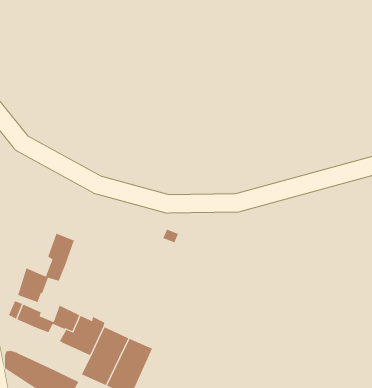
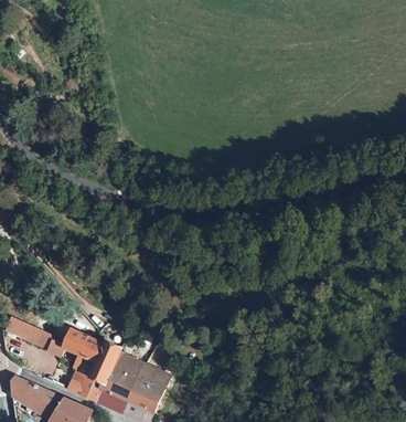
building: [17,233,75,303] -> none
building: none -> [65,369,104,402]

